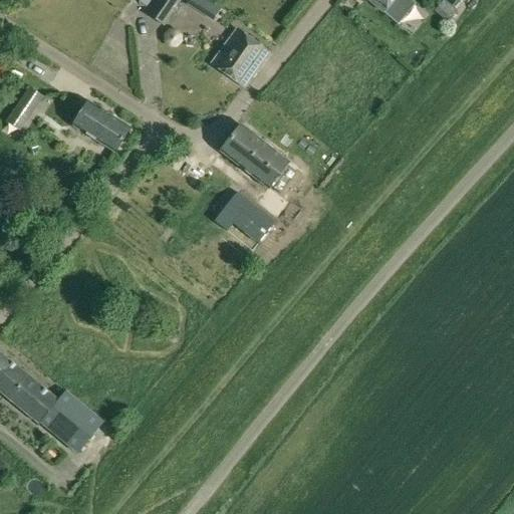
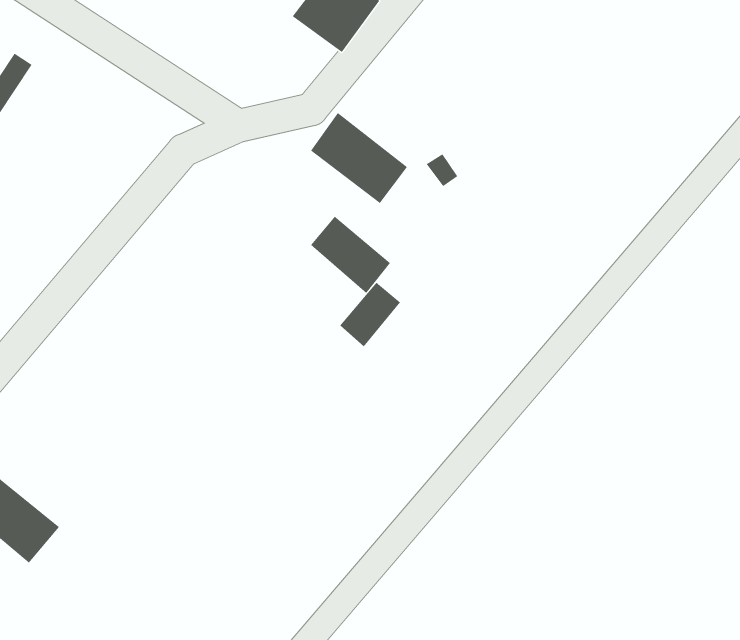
building: [73,100,130,151] -> none
building: none -> [339,282,401,347]
building: [39,389,103,452] -> none

